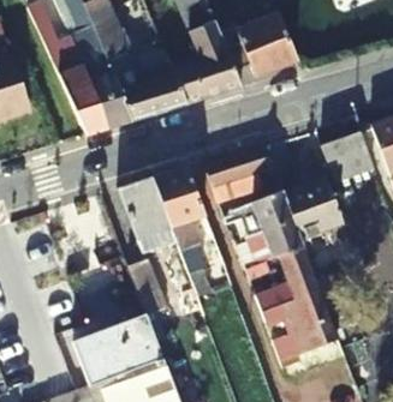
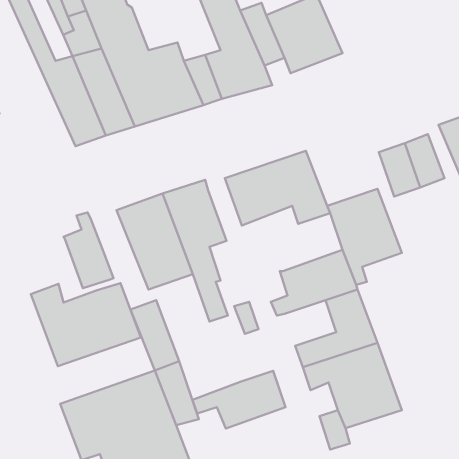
building: none -> [63,213,114,288]
building: [222,193,296,239] -> [192,371,285,429]
building: none -> [31,283,141,366]

